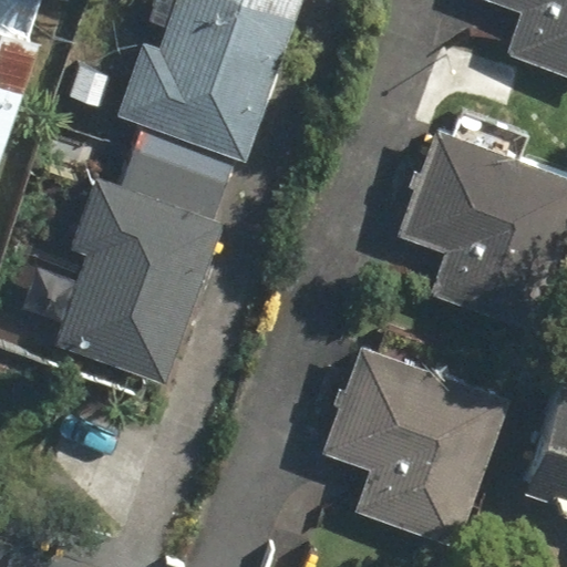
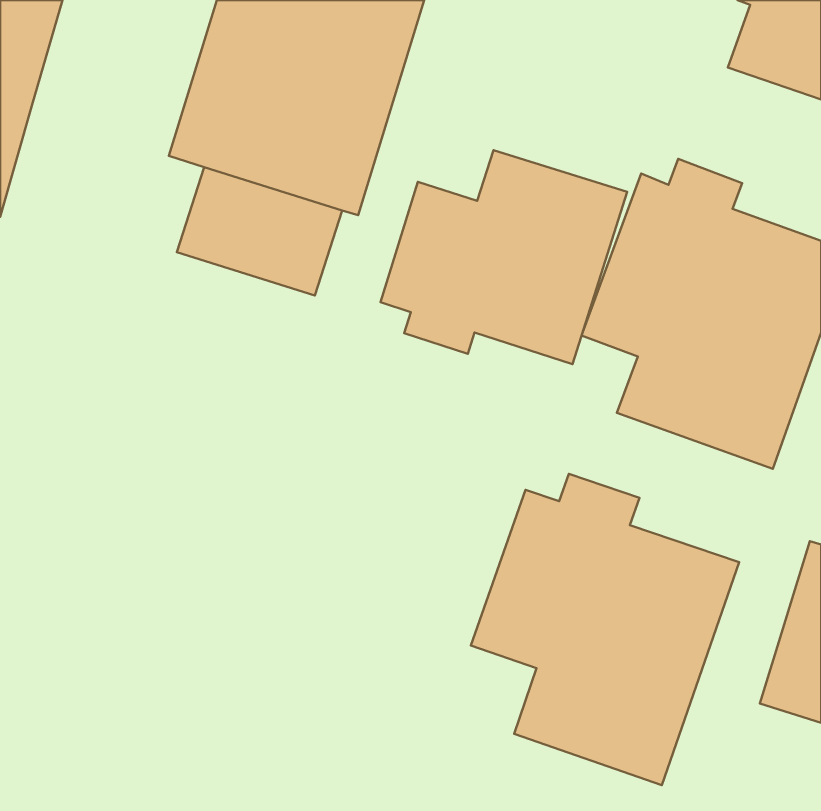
building: none -> [380,150,627,364]
building: [55,176,221,384] -> none

